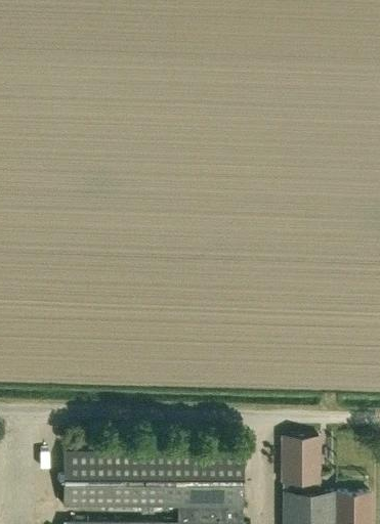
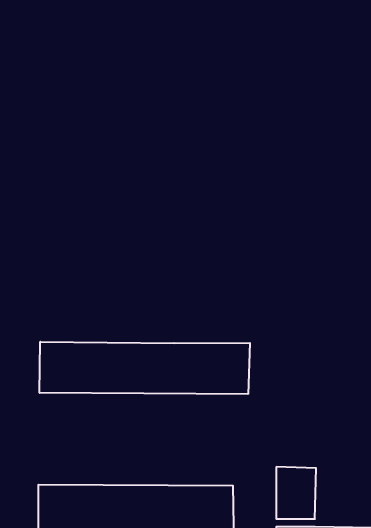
building: none -> [40,342,250,394]

